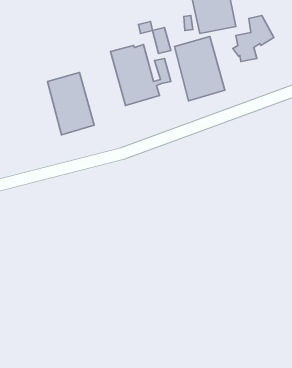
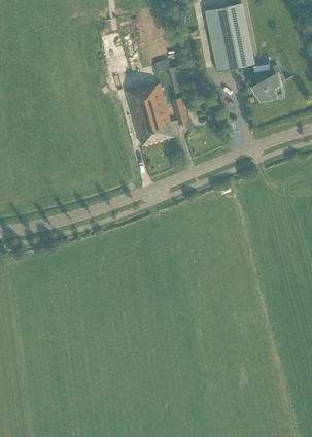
building: [175,36,225,101] -> none
building: [48,72,94,135] -> none

